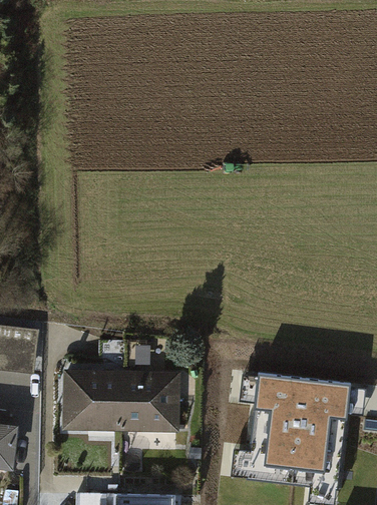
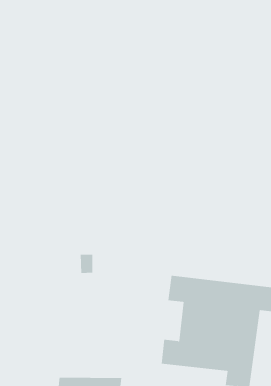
building: [61,371,179,431] -> none

